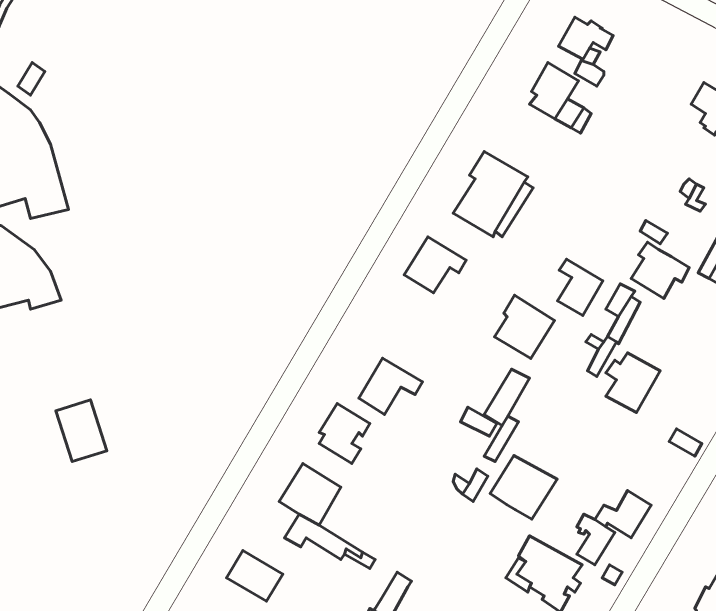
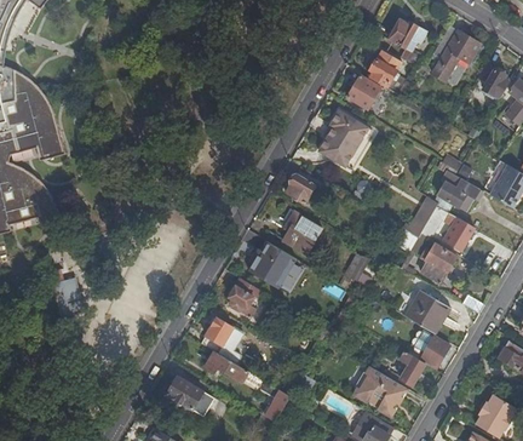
building: none -> [430,27,479,82]
building: none -> [346,75,380,109]
building: [557,259,603,315] -> [442,213,472,251]
building: [495,295,555,359] -> [282,212,322,254]
building: [490,456,557,519] -> [404,291,449,333]

